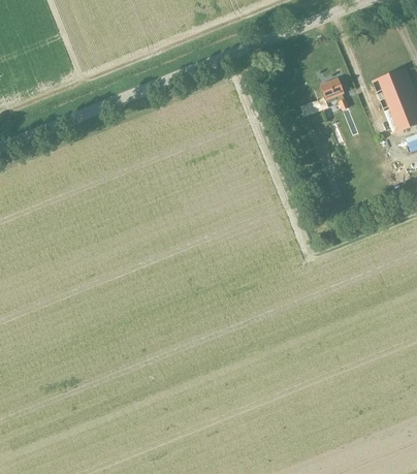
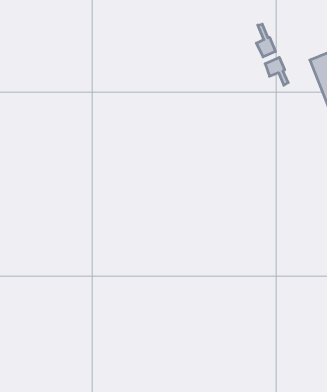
building: none -> [256,24,276,57]

